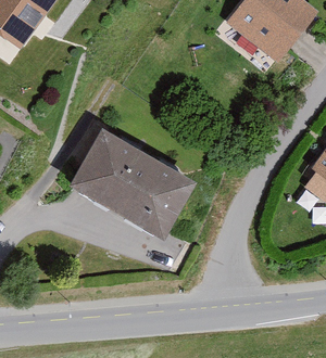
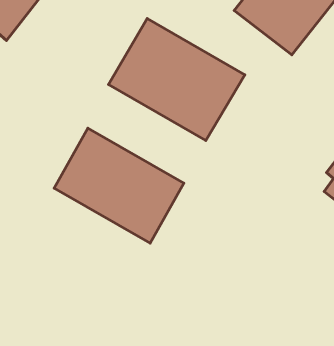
building: none -> [108,19,245,141]

